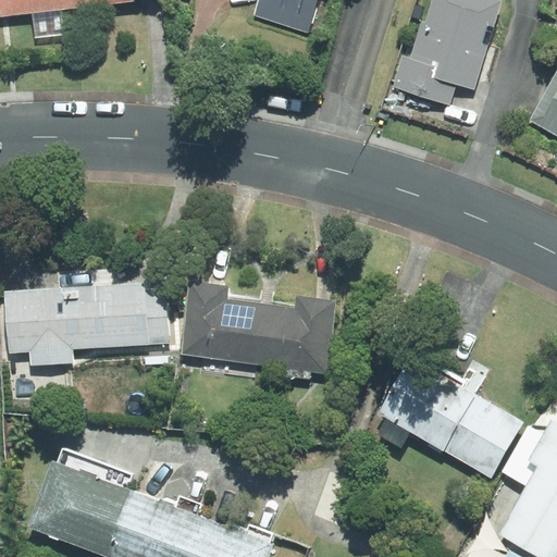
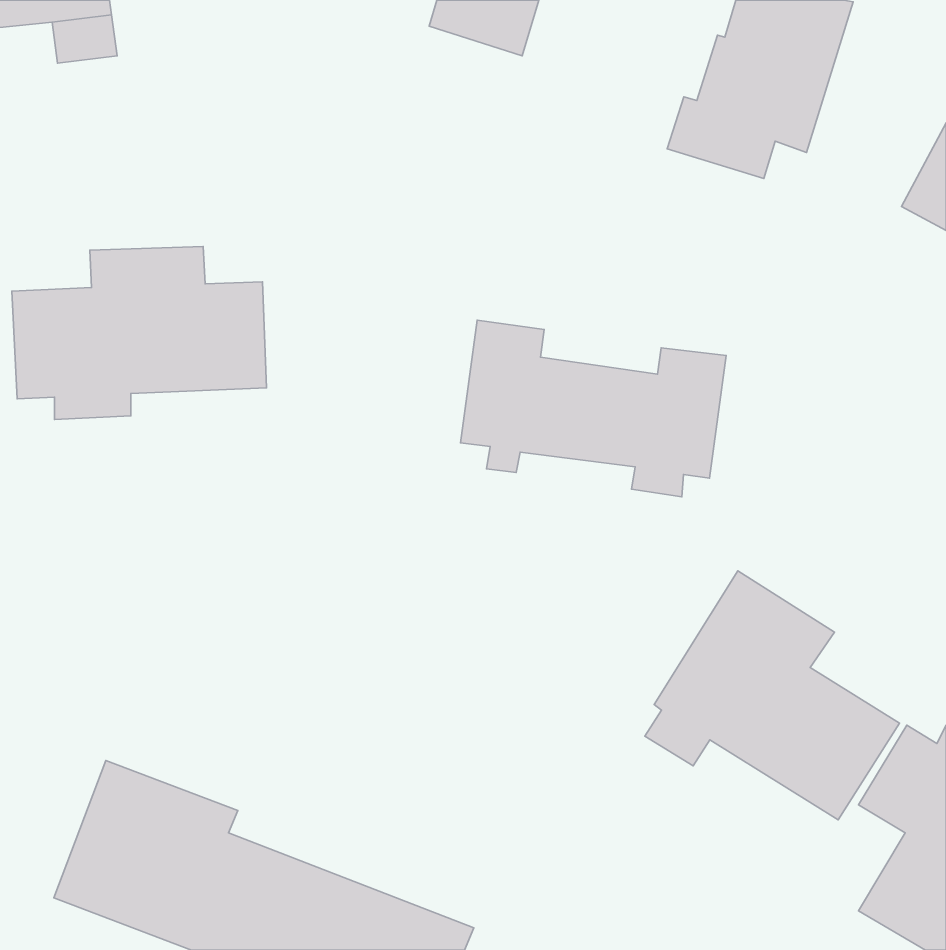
building: [5,263,154,364] -> [12,247,266,419]
building: [185,278,341,382] -> [461,320,726,497]

